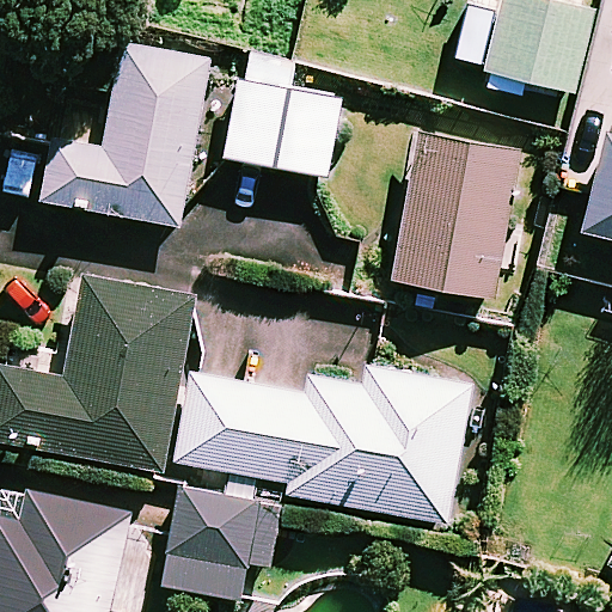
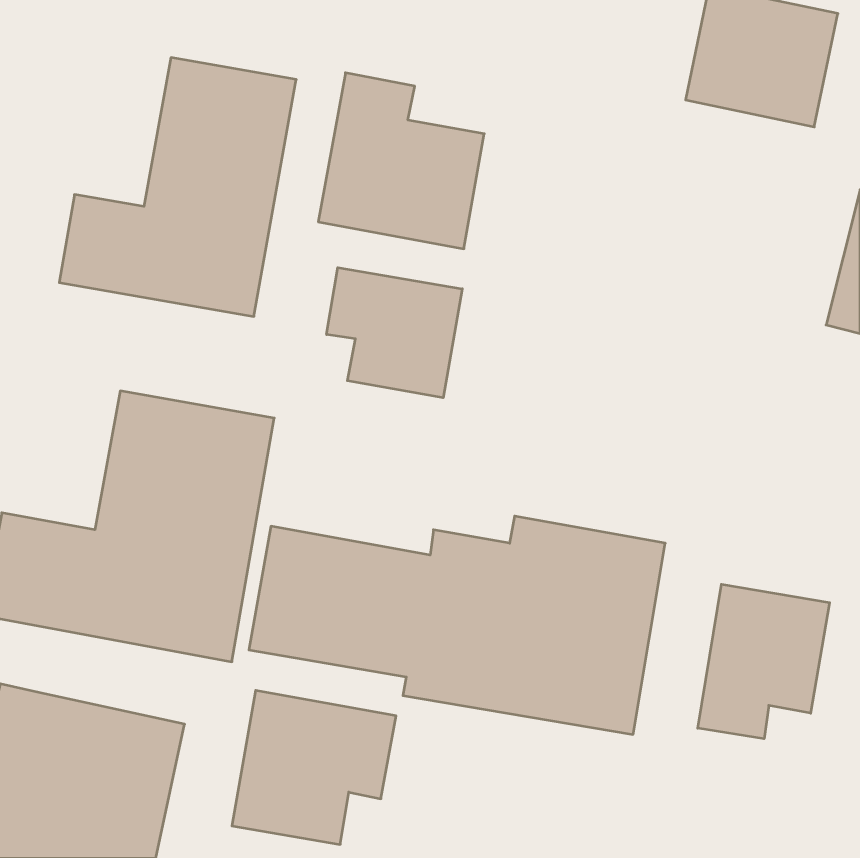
building: [393,133,520,298] -> none
building: none -> [327,268,462,398]
building: none -> [698,584,830,739]

